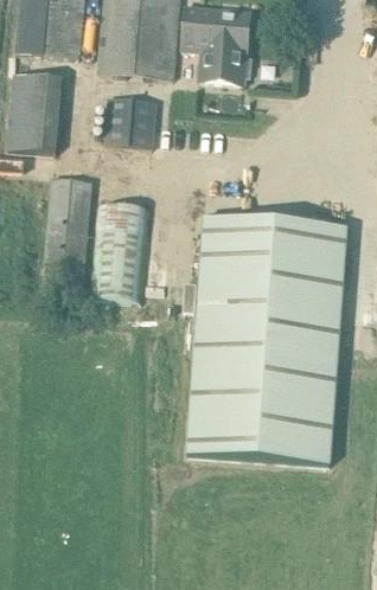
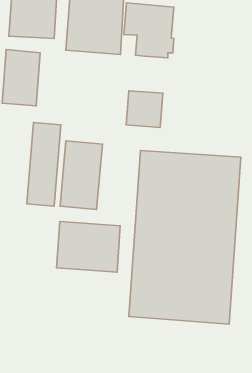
building: [103,95,155,147] -> [126,91,163,127]
building: none -> [57,222,120,272]

